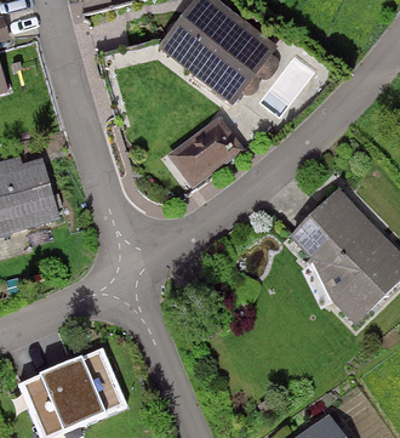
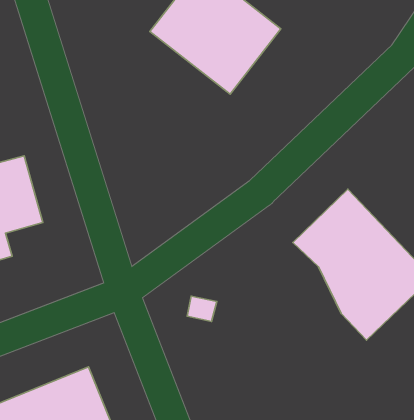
building: [167,118,241,188] -> none

